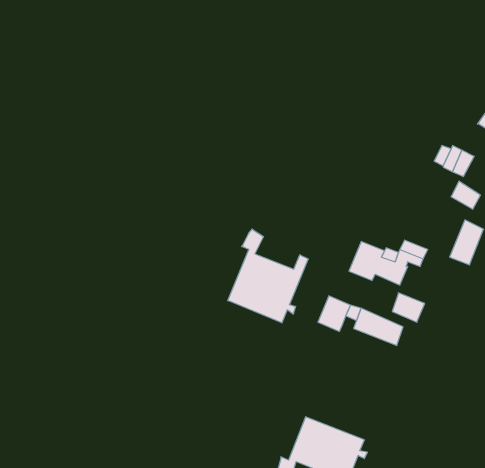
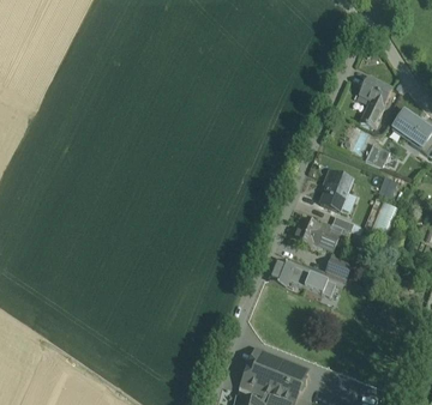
building: none -> [359,75,392,128]
building: none -> [320,170,352,211]
building: [228,229,308,323] -> none

